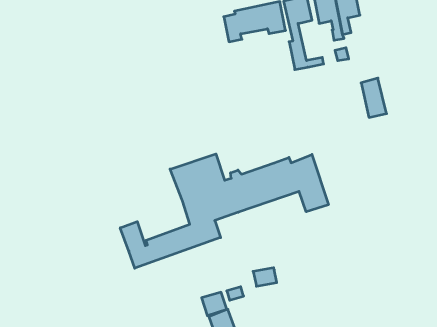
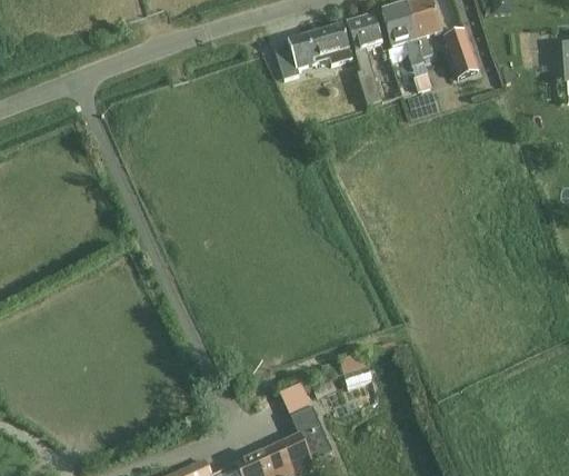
building: [361,78,387,117] -> [443,26,478,75]
building: [120,154,328,268] -> none

